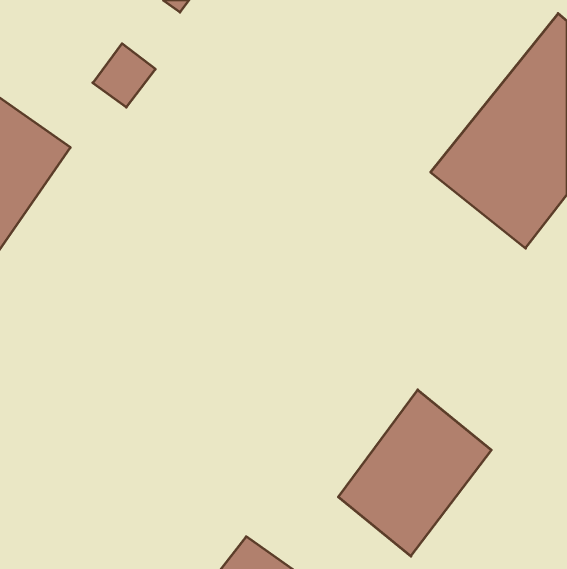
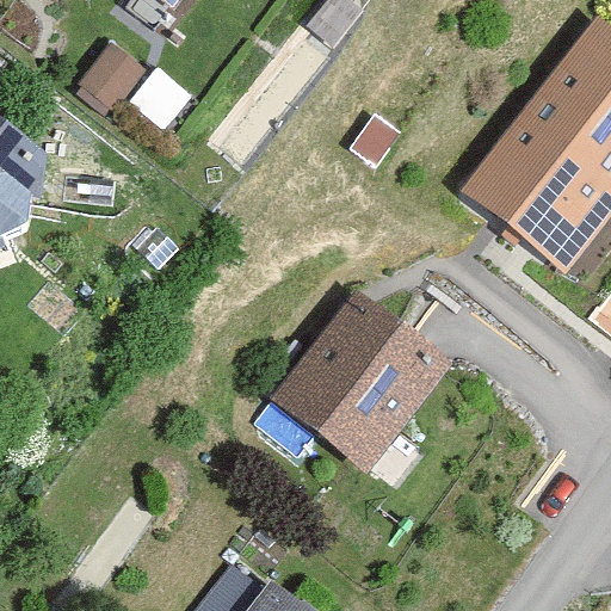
building: [338,390,491,556] -> [288,297,451,475]

